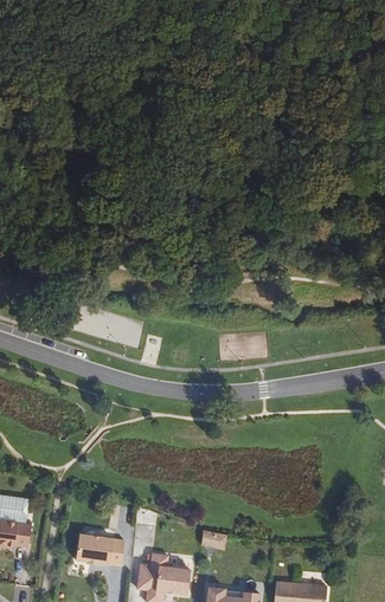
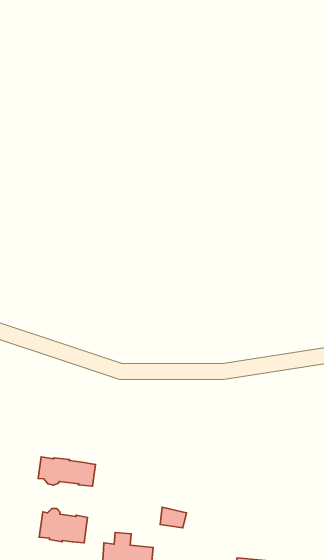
building: none -> [38,457,96,486]

